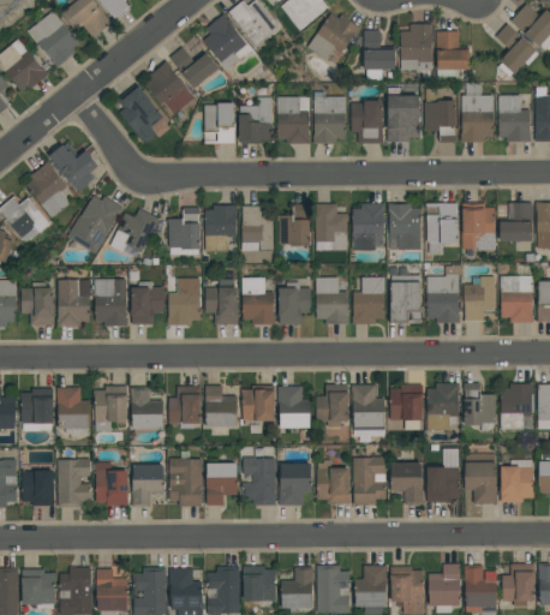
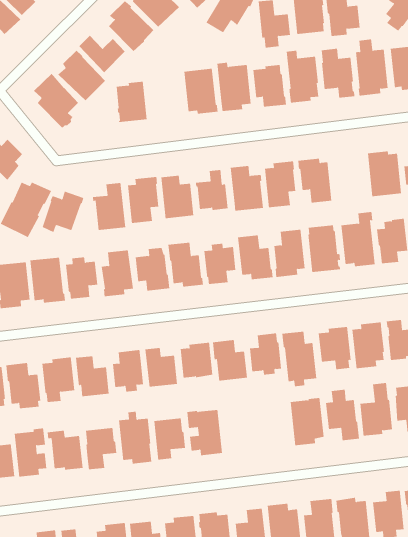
building: [239,97,271,144] -> none
building: [425,203,458,255] -> none
building: [317,460,349,503] -> none
building: [279,464,311,504] -> none

